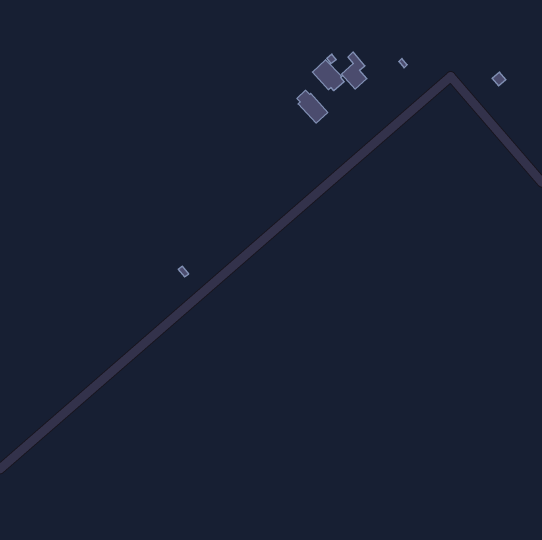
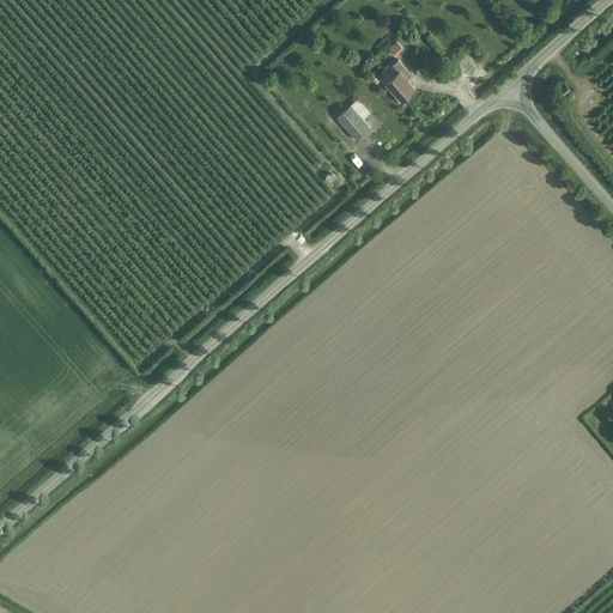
building: [312,60,344,91] -> none

